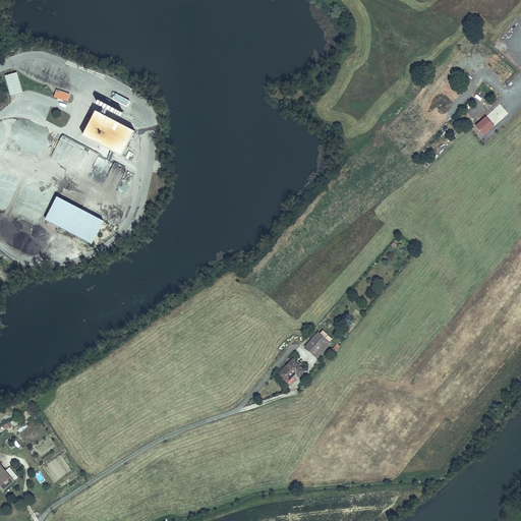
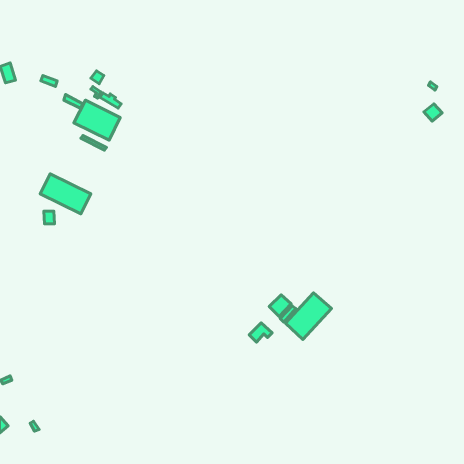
building: none -> [286,293,332,339]

